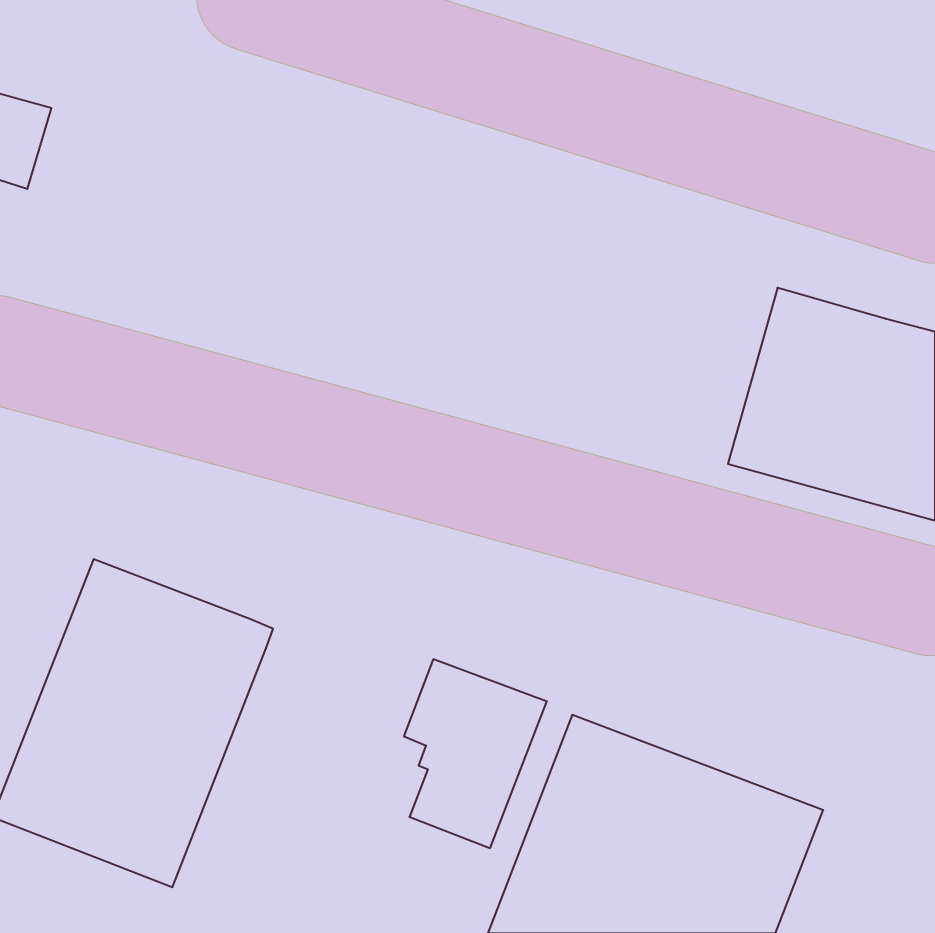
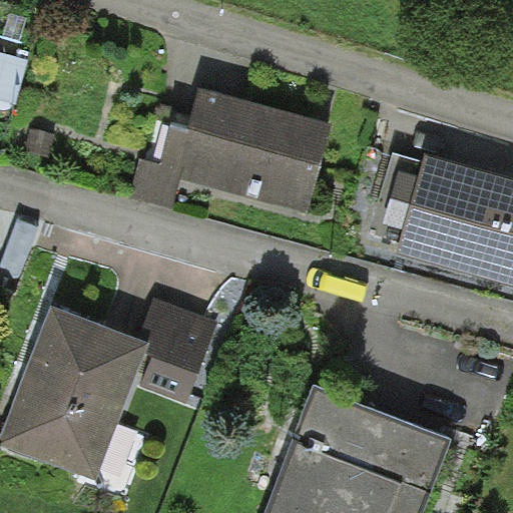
building: none -> [128,90,331,212]
building: [404,659,547,848] -> [137,297,215,400]

